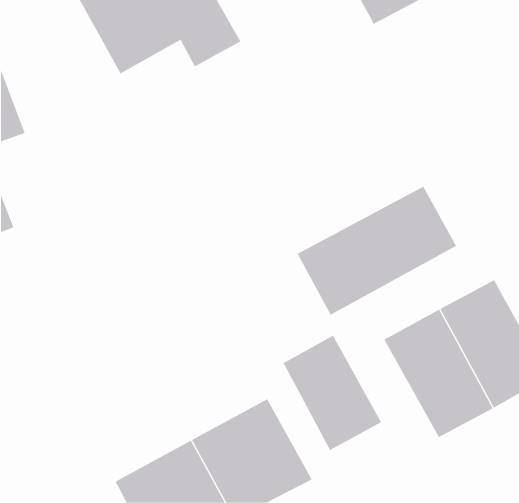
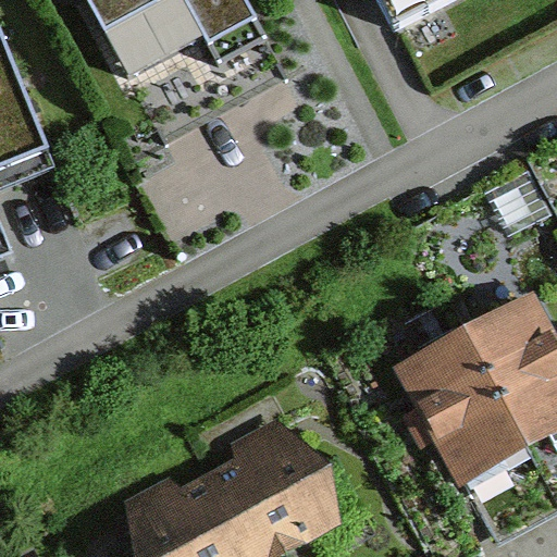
building: [297,186,457,315] -> none
building: [283,335,382,451] -> none

